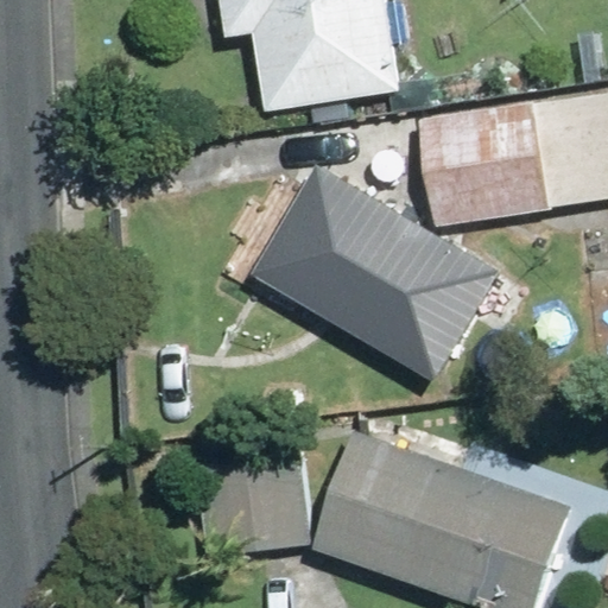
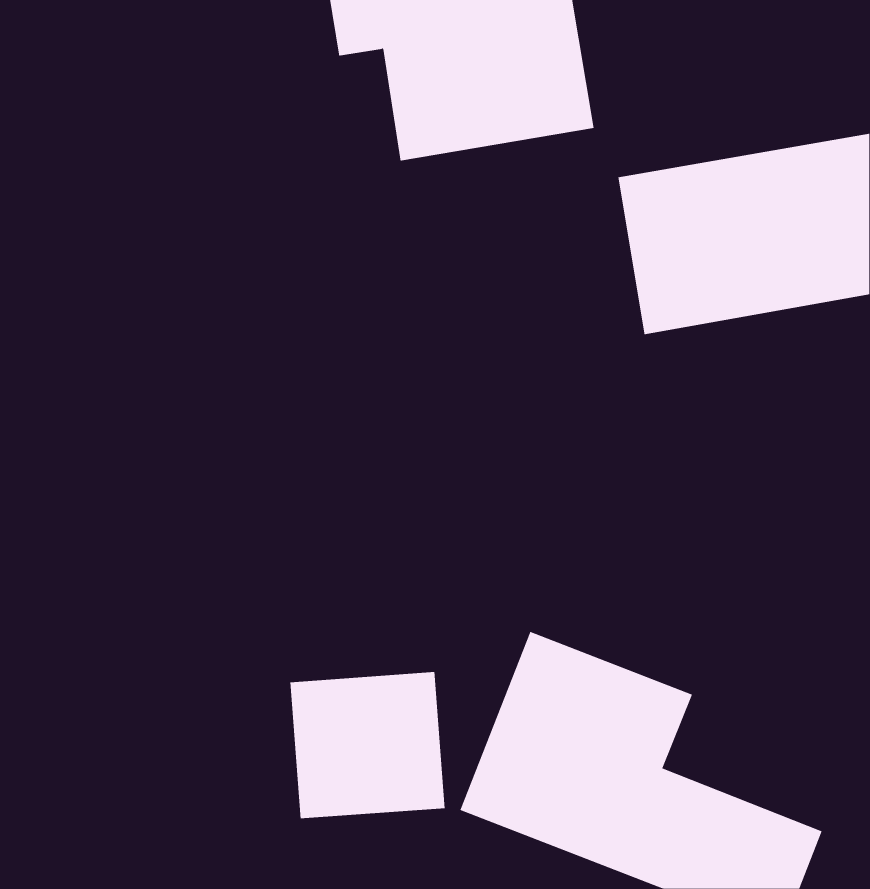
building: [254,167,492,349] -> none

